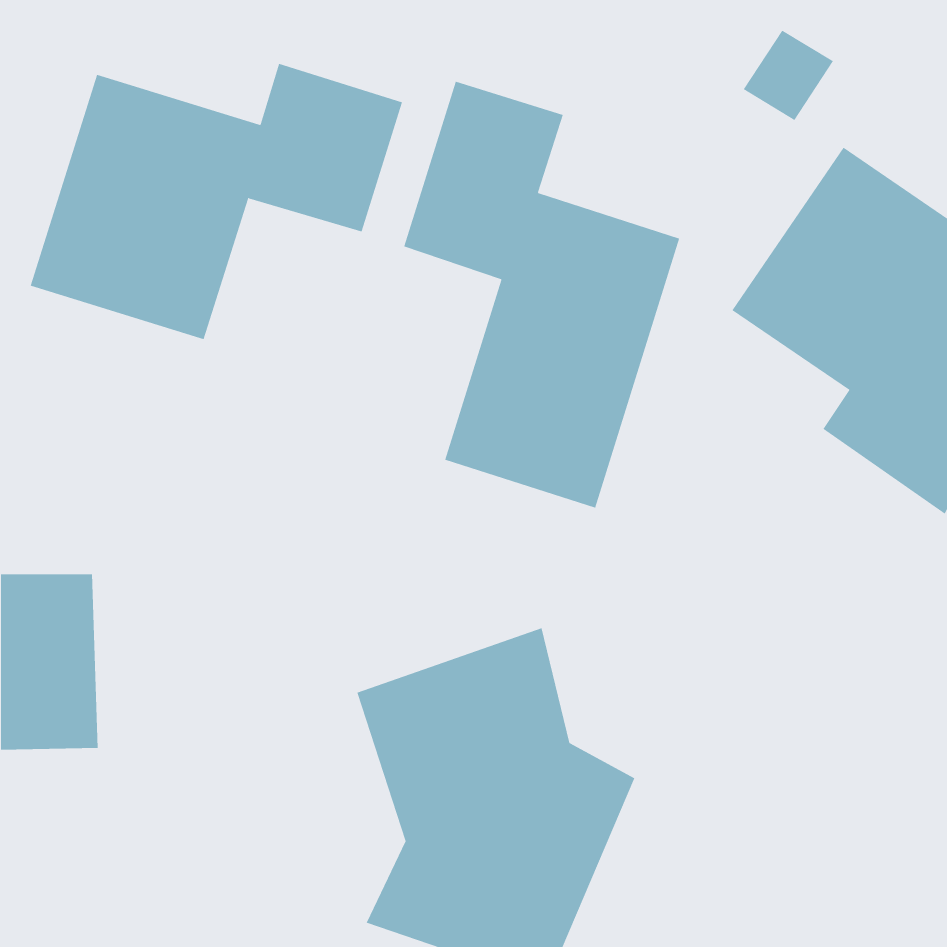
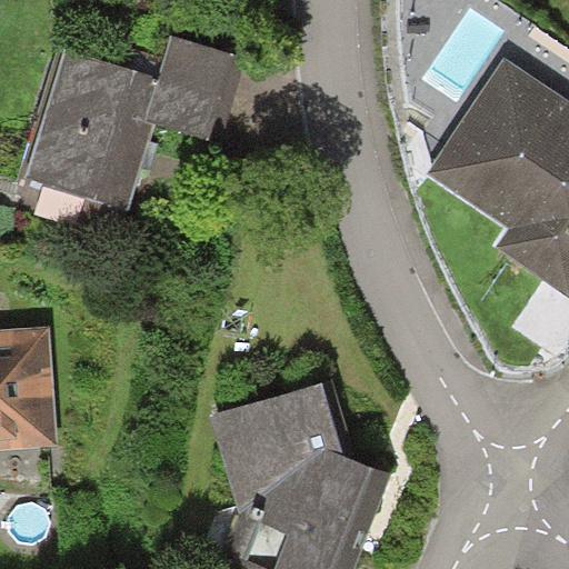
building: [404,81,680,509] -> none

